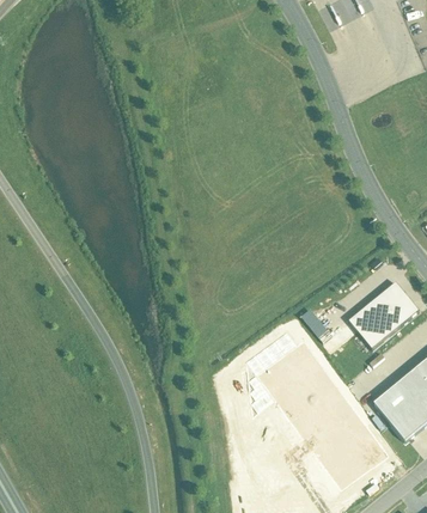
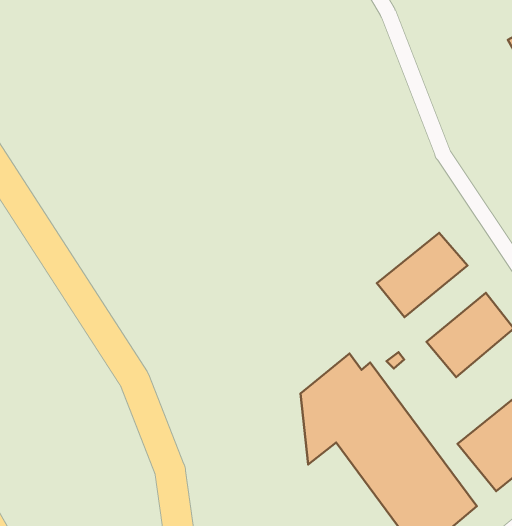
building: none -> [377,233,467,317]

